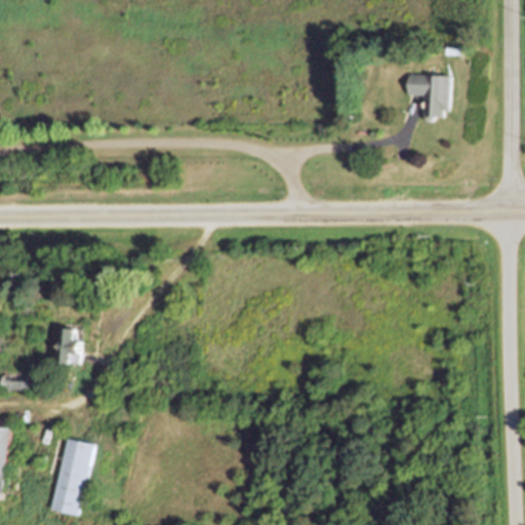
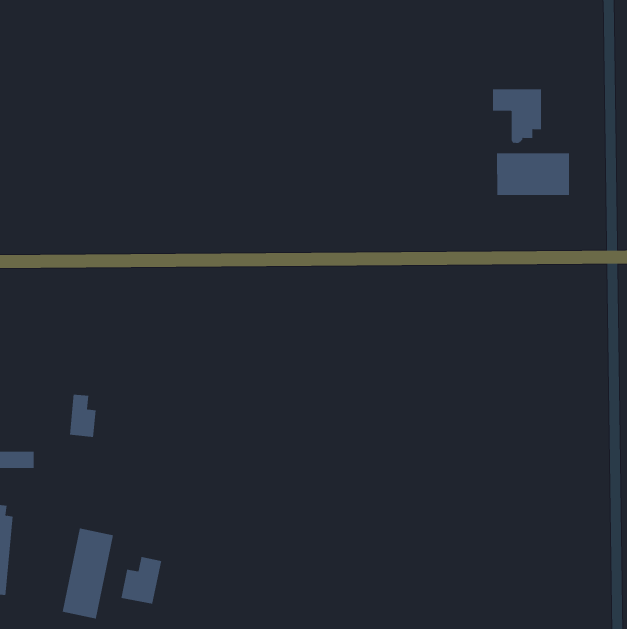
building: none -> [497,152,570,196]
building: none -> [121,556,162,605]

